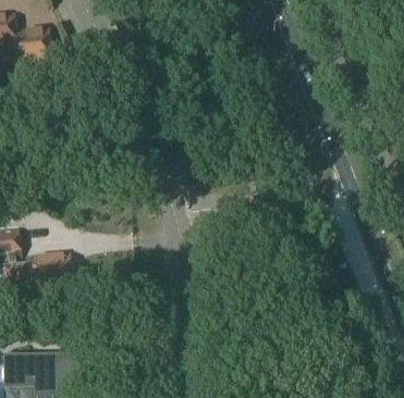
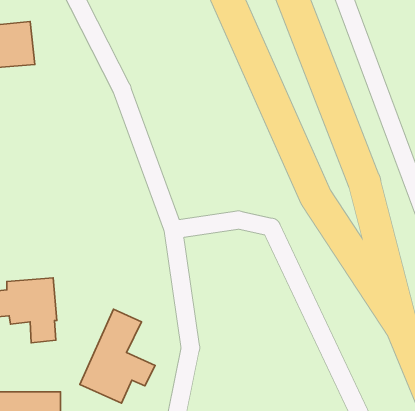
building: none -> [80,309,155,403]

